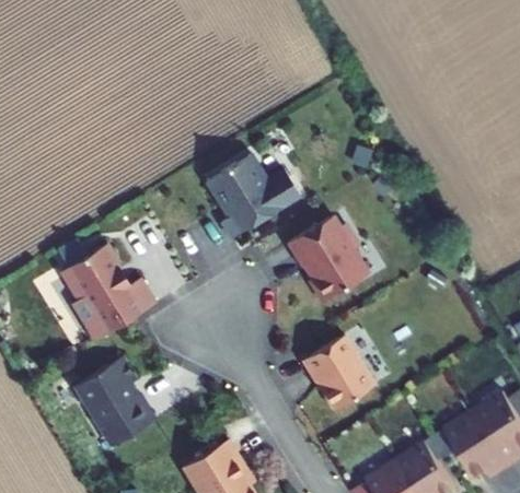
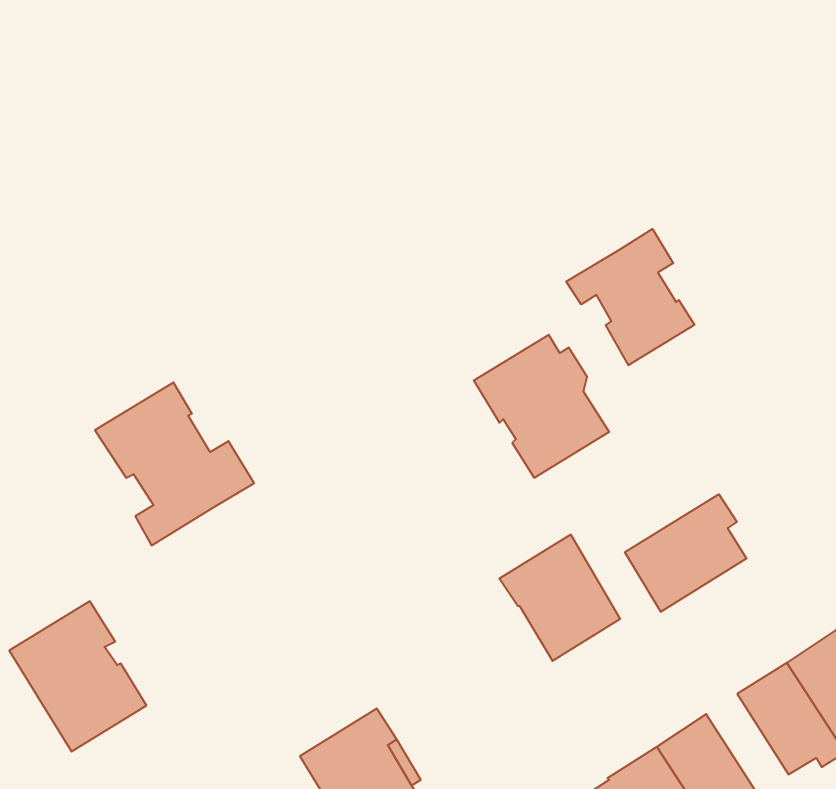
building: none -> [566,229,694,365]
building: [206,154,299,239] -> none
building: none -> [625,494,747,612]
building: [72,357,154,447] -> [9,601,146,751]

